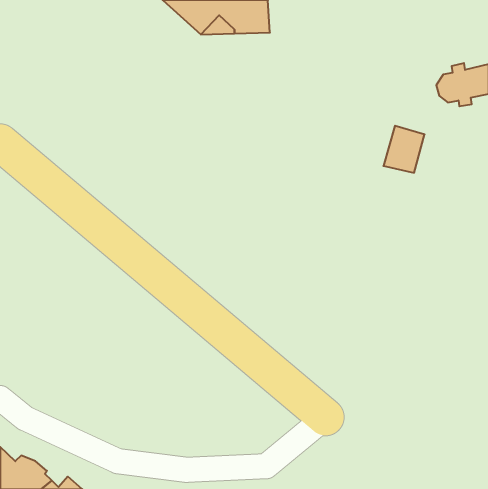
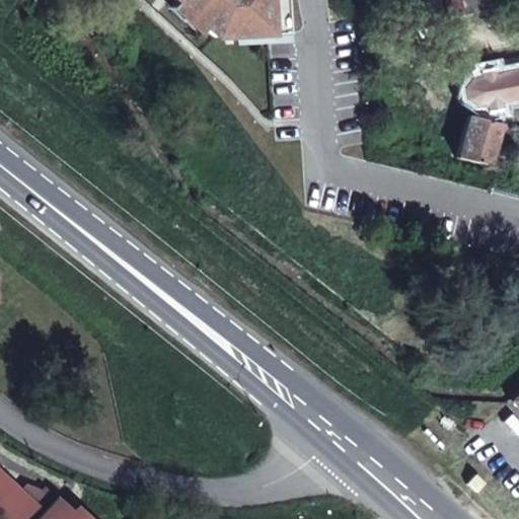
building: [383,126,425,173] -> [457,116,501,165]

